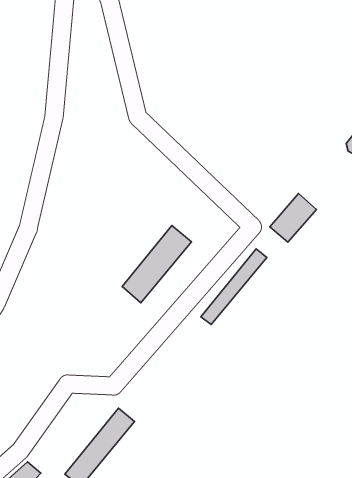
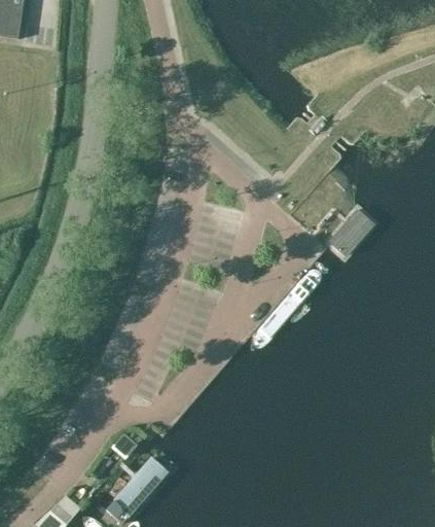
building: [122,226,192,303] -> none

